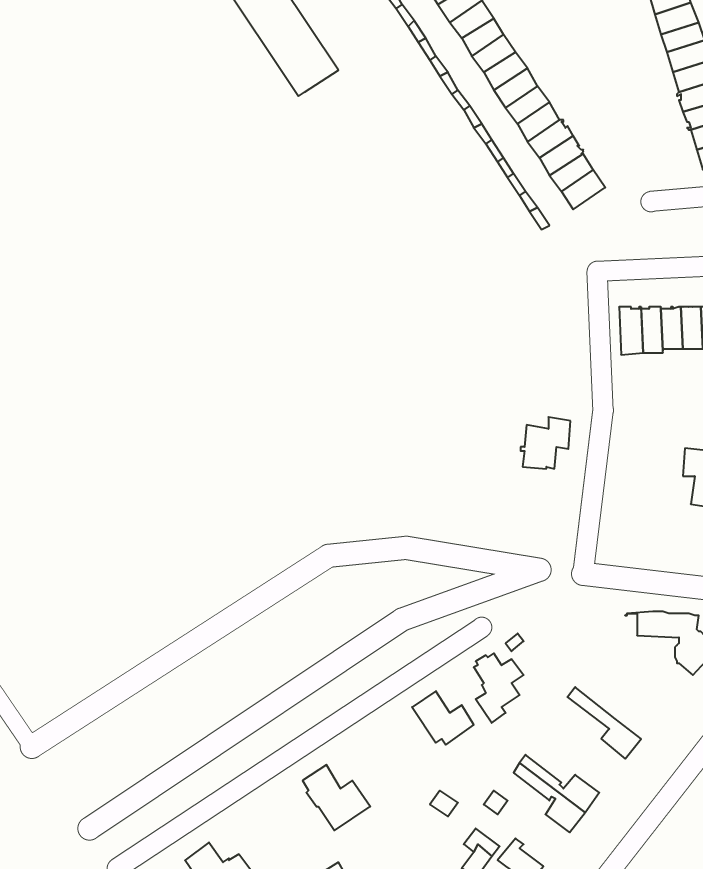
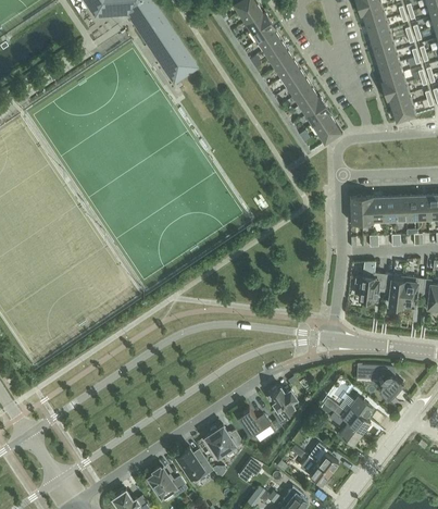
building: [521,417,570,469] -> [358,273,385,301]
building: none -> [323,398,372,434]
building: none -> [204,426,242,458]
building: none -> [148,468,187,498]

